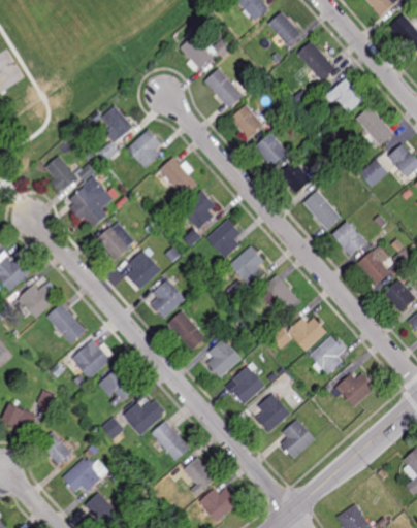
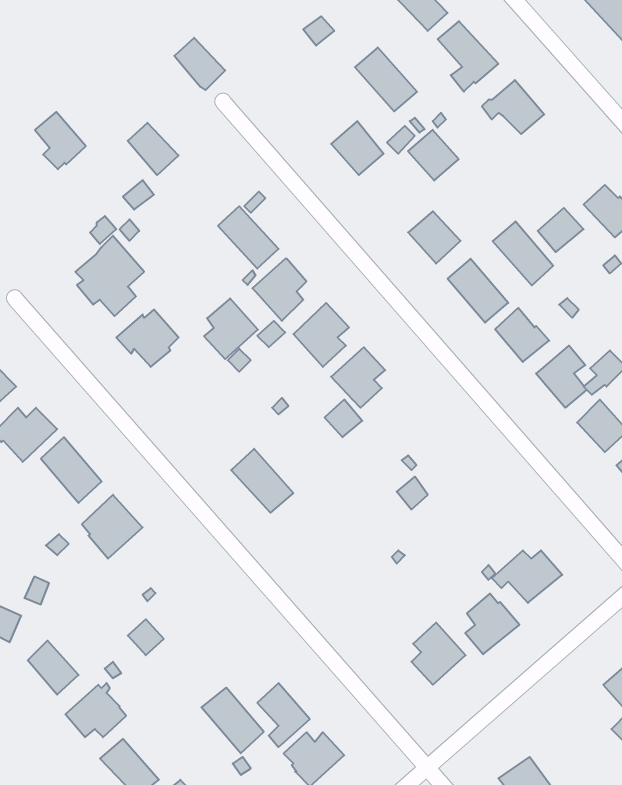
building: [180,36,212,69] -> [174,38,225,90]
building: [203,68,243,108] -> [355,47,417,111]
building: [355,106,393,146] -> [493,221,553,285]
building: [127,129,159,168] -> none
building: [254,134,286,166] -> [408,130,459,181]
building: [44,156,76,192] -> [35,112,86,169]
building: [126,251,160,289] -> [204,298,258,359]
building: [263,275,300,315] -> none
building: [151,279,185,319] -> none
building: [288,318,326,352] -> none
building: [310,336,346,375] -> none
building: [206,339,240,378] -> none
building: [230,366,264,404] -> none
building: [98,368,135,402] -> none
building: [256,394,290,432] -> [465,594,519,654]
building: [123,401,164,436] -> none
building: [150,421,189,462] -> [201,688,264,753]

